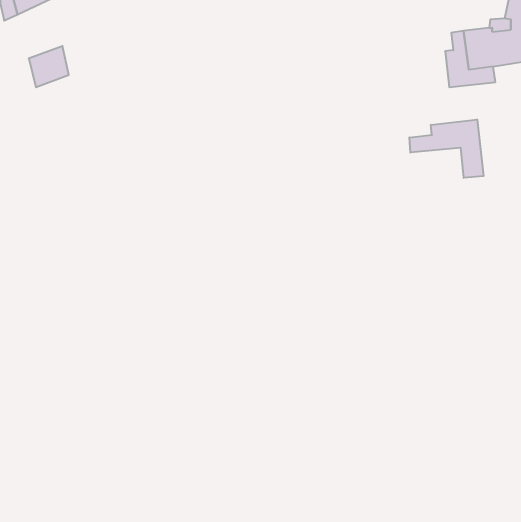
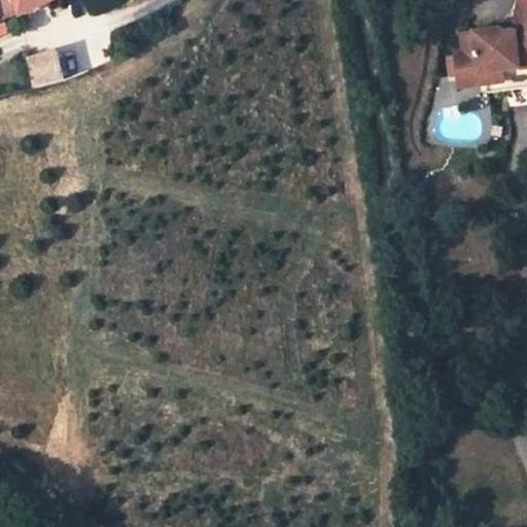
building: [409,119,484,178] -> none

